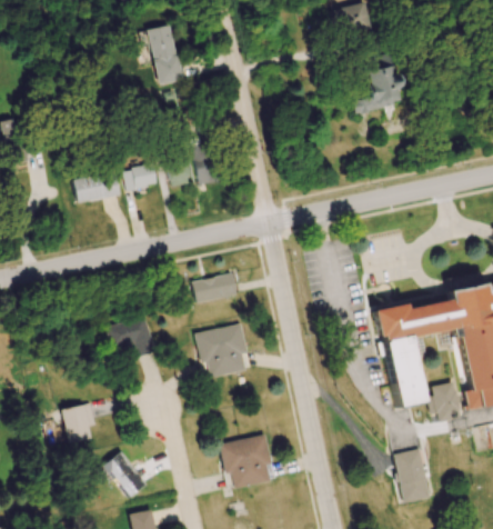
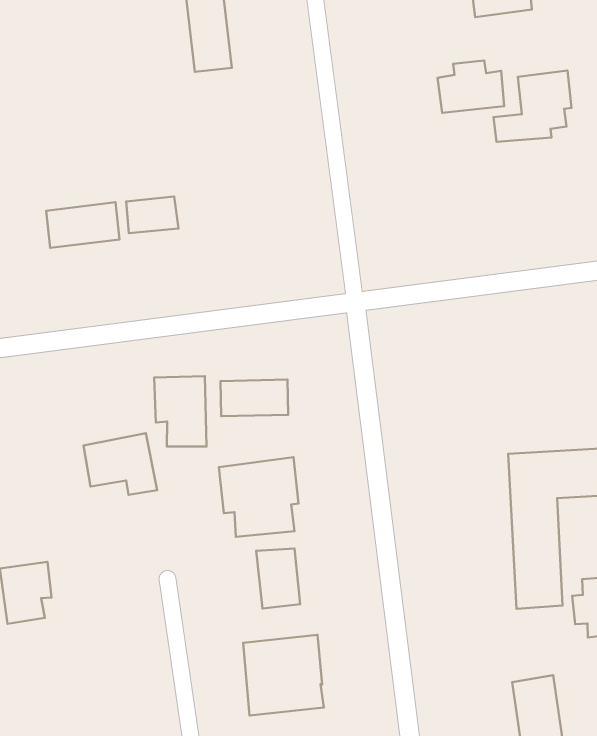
building: none -> [437,60,504,113]
building: [193,142,219,184] -> none
building: [167,160,191,187] -> none
building: none -> [154,376,206,447]
building: none -> [256,548,300,609]
building: [103,451,147,499] -> none

